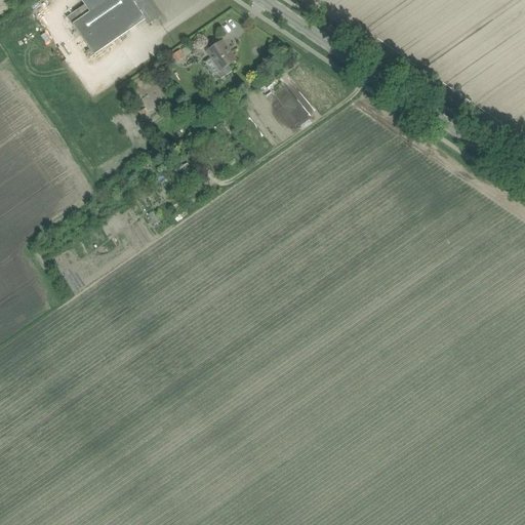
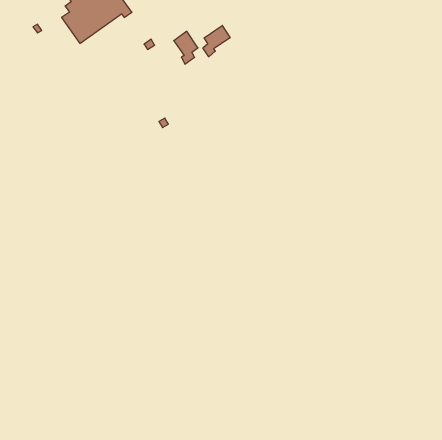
building: none -> [203,25,230,57]

